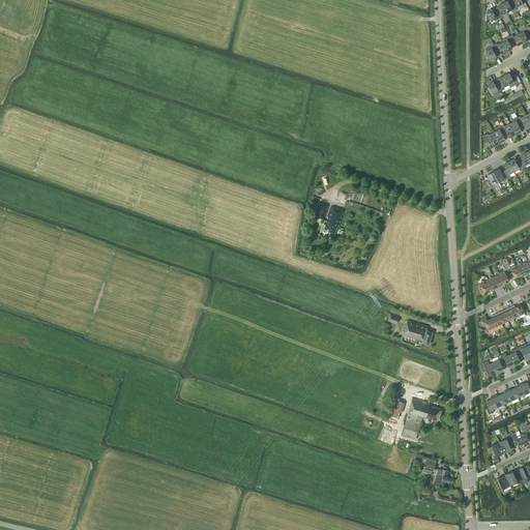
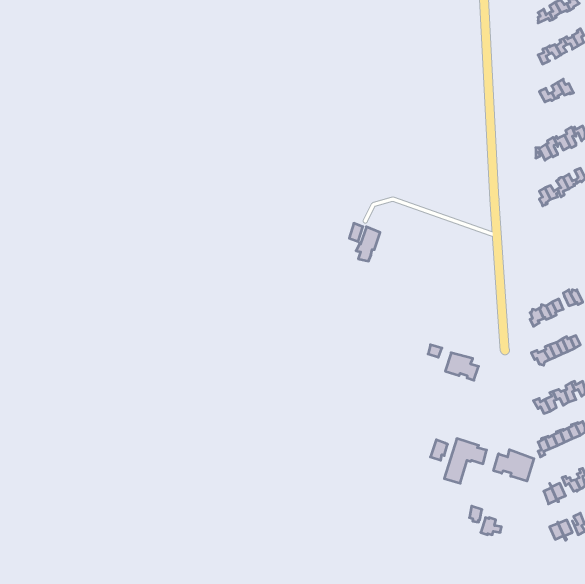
building: none -> [494,450,534,481]

